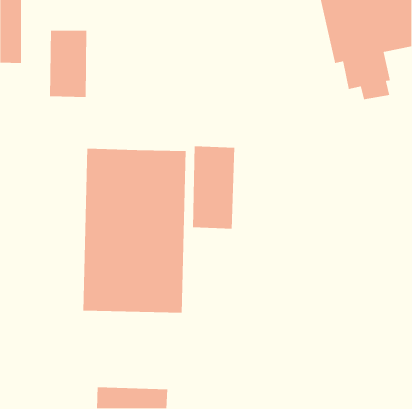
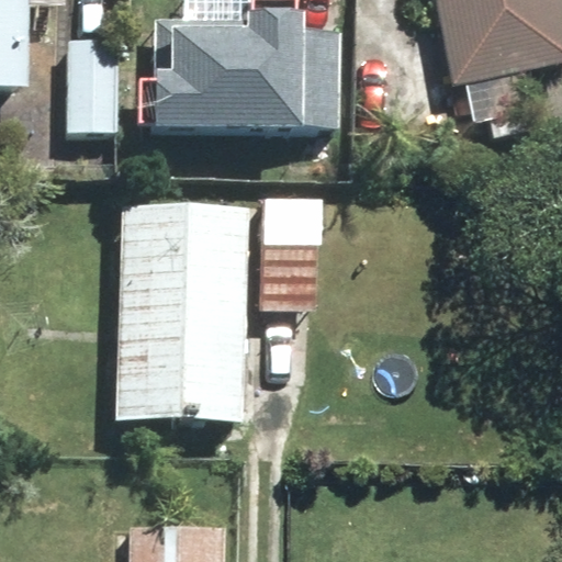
building: none -> [156,10,341,128]

